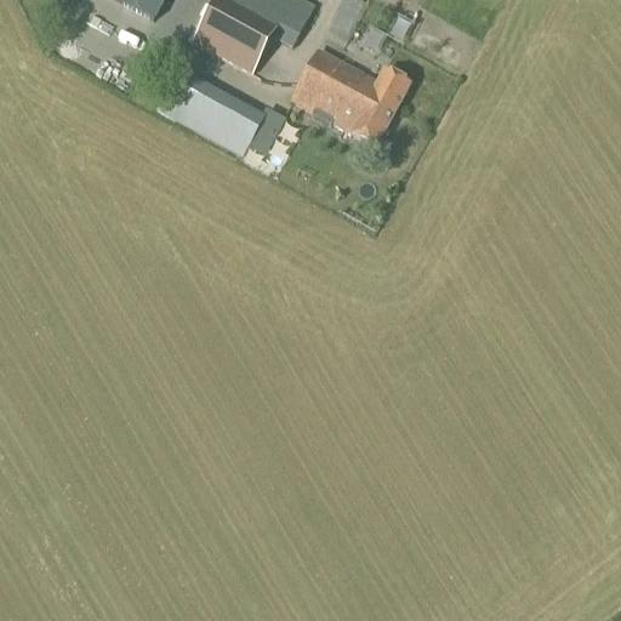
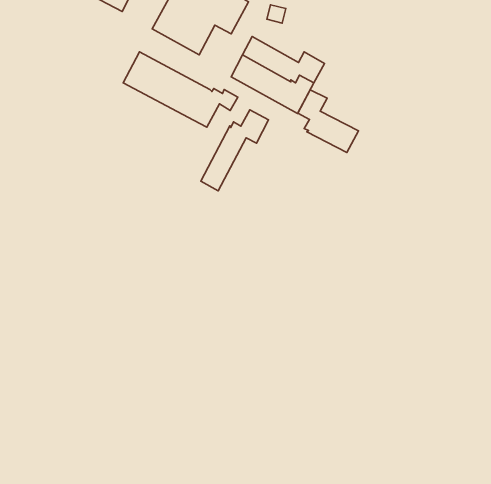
building: none -> [298,90,359,153]
building: none -> [201,110,269,191]

